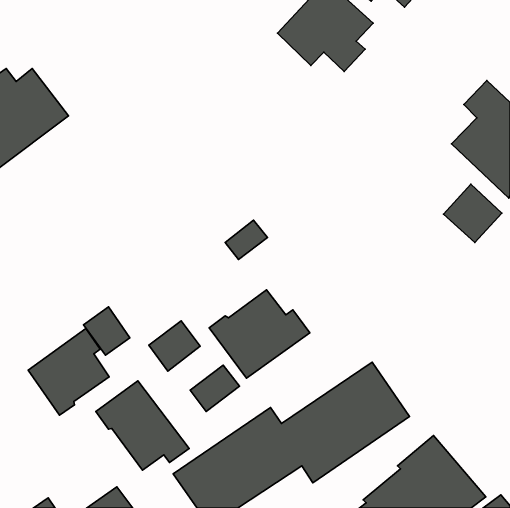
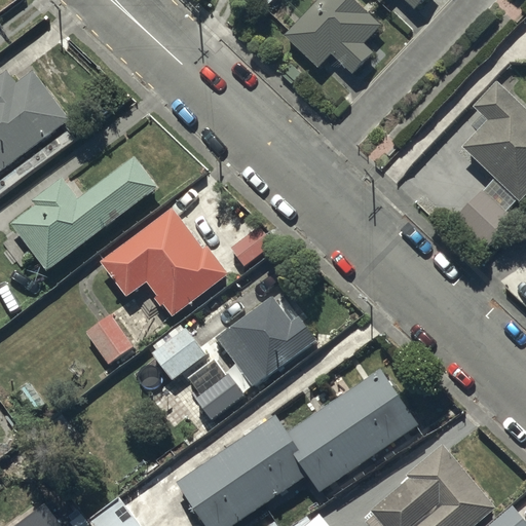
building: none -> [10,156,158,271]
building: none -> [101,208,228,316]
building: [28,329,109,415] -> none
building: [96,381,189,470] -> none

